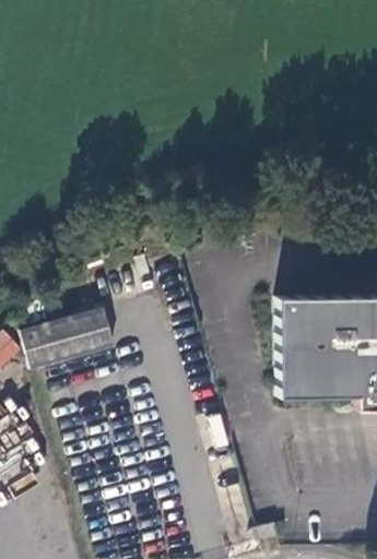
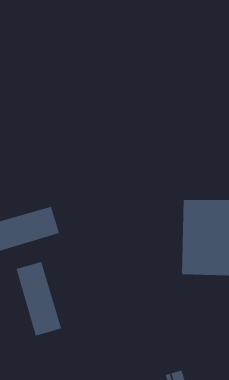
building: none -> [16,261,62,337]

